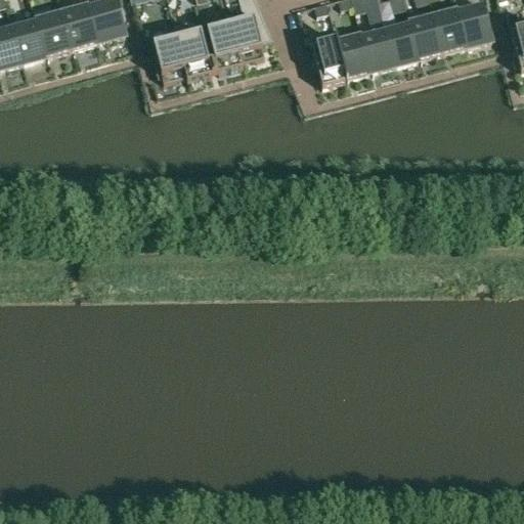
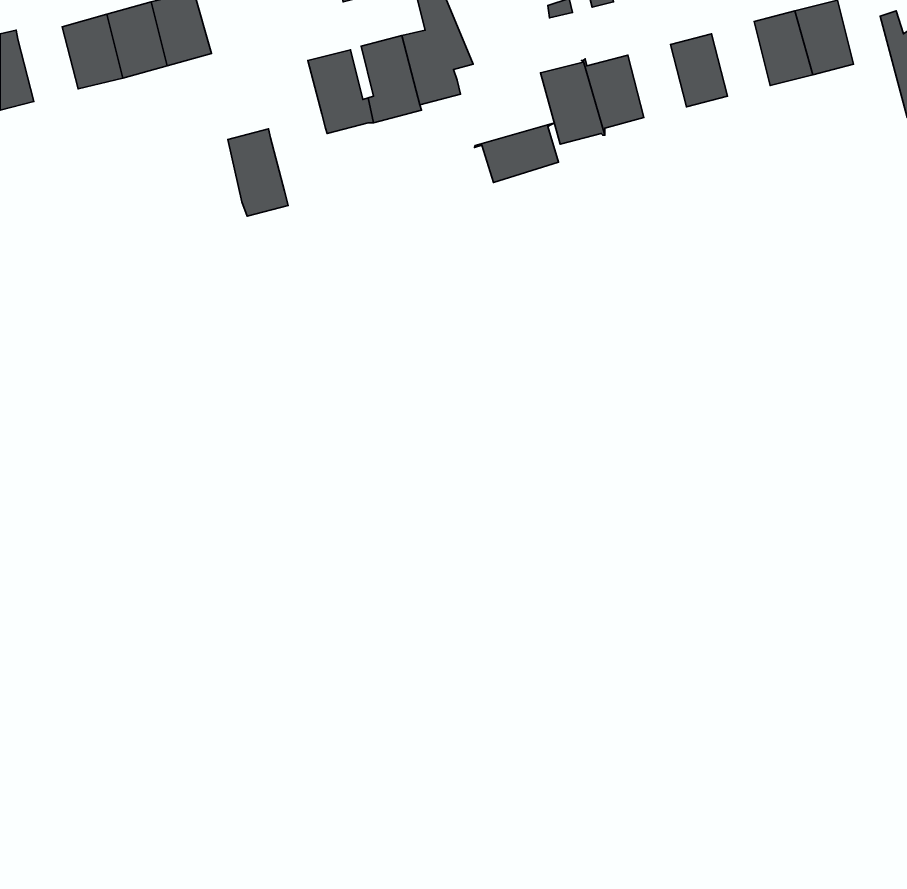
building: [410,12,444,55] -> none
building: [11,15,46,58] -> none
building: [362,26,396,68] -> none
building: [154,30,188,80] -> [228,129,288,216]
building: none -> [474,123,559,182]

